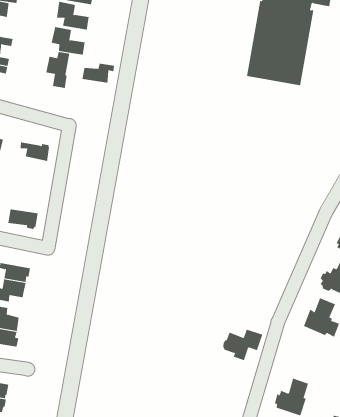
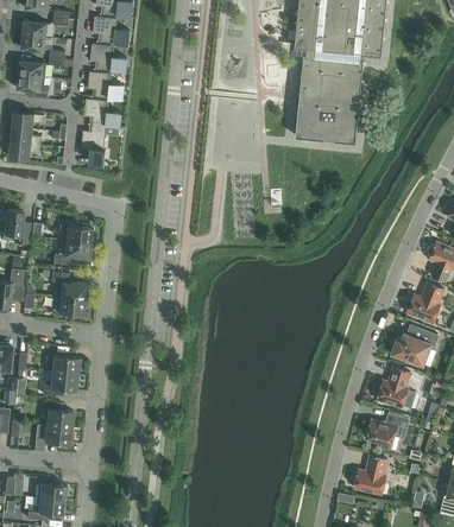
building: [82,63,114,84] -> none
building: none -> [52,239,93,266]
building: none -> [51,272,88,299]
building: [222,329,263,361] -> [365,414,408,449]

